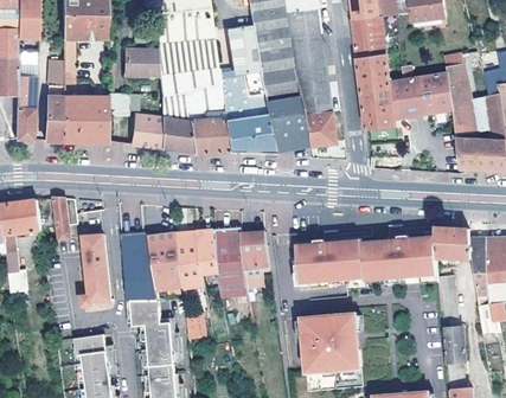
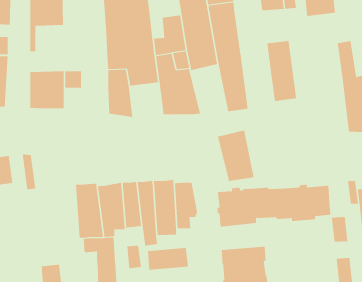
building: [352,17,386,59] -> none
building: [126,46,159,75] -> none
building: [45,58,63,140] -> none
building: [390,66,453,117] -> none
building: [263,85,309,149] -> [217,130,254,181]
building: [187,108,229,152] -> none
building: [130,114,161,147] -> none
building: [435,227,462,259] -> none
building: [81,236,108,308] -> none
building: none -> [148,247,188,270]

